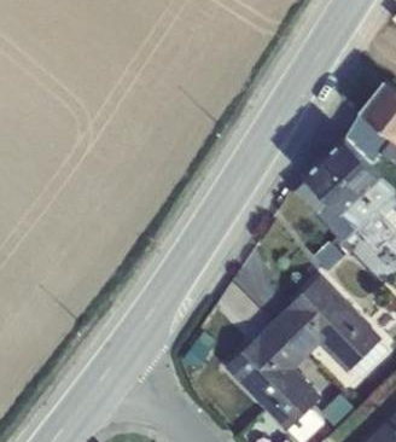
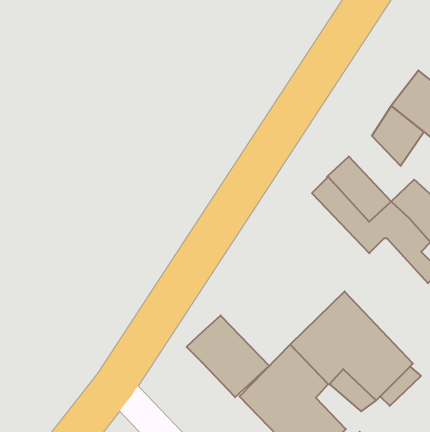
building: [322,138,380,196] -> none
building: none -> [187,315,269,397]

